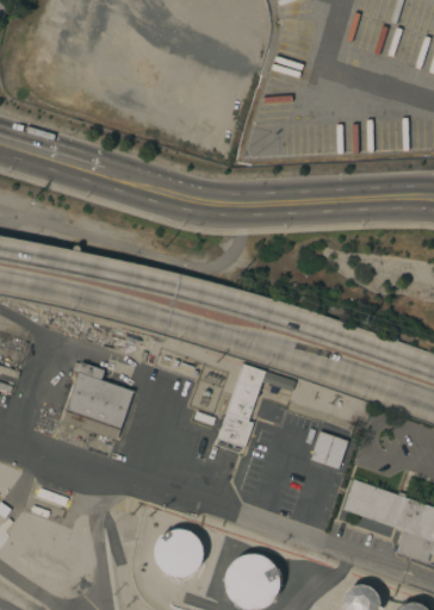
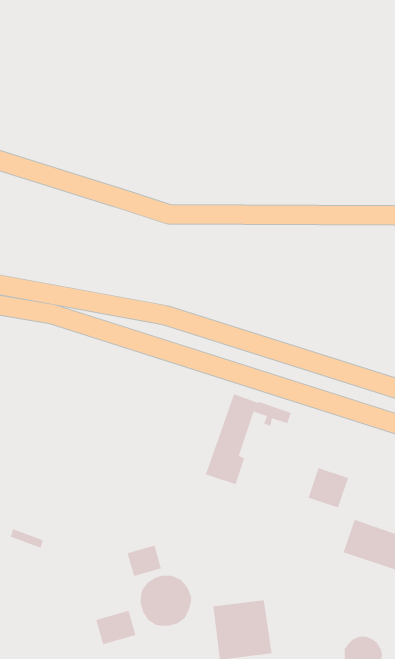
building: [62,361,135,441] -> none
building: none -> [127,545,162,577]
building: none -> [95,610,136,645]

